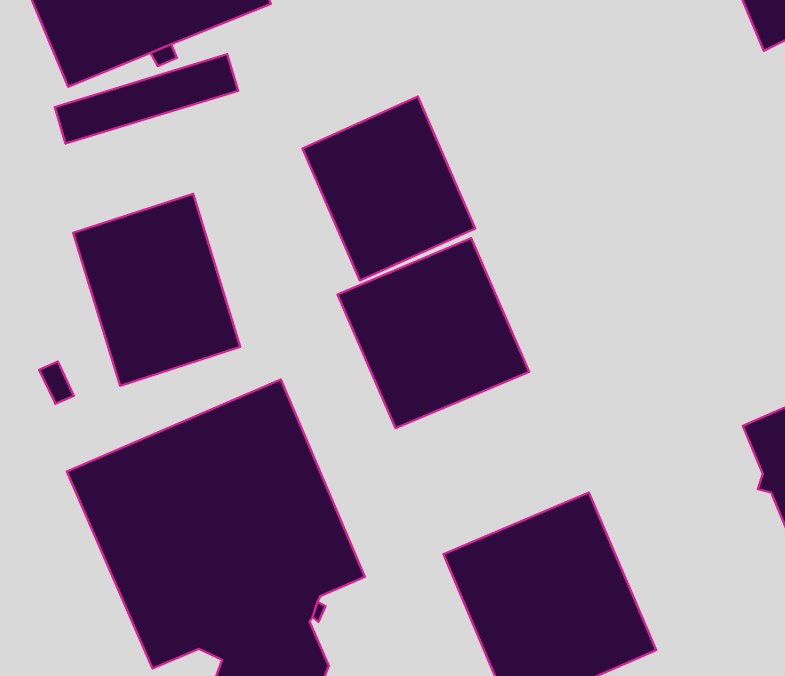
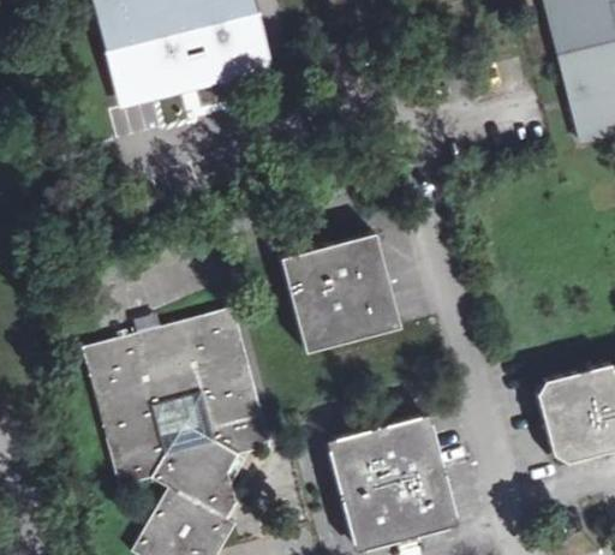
building: [303,97,475,280] -> none
building: [73,194,240,386] -> none

